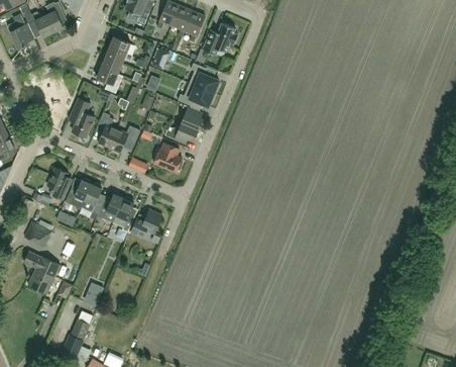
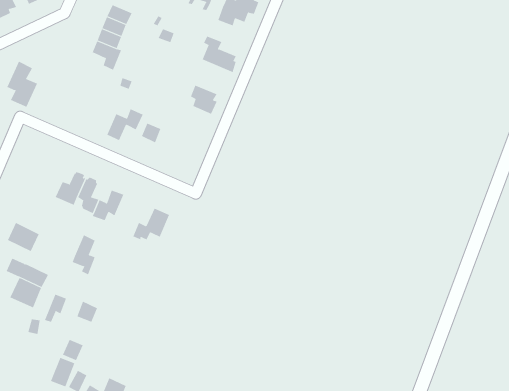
building: [177,83,215,106] -> none
building: [68,97,94,136] -> [7,61,38,108]
building: [97,111,116,147] -> none
building: [163,122,197,144] -> none
building: [152,142,181,172] -> none
building: [46,167,71,199] -> none
building: [113,197,133,232] -> [72,235,96,275]

